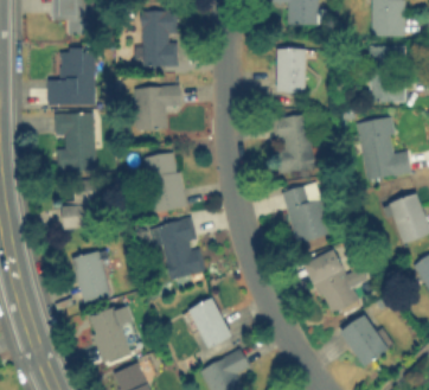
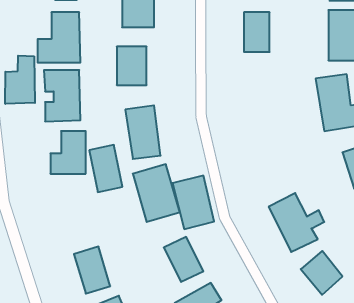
building: none -> [5,56,35,104]
building: [274,114,312,173] -> none
building: [282,184,328,243] -> [172,176,214,229]
building: [72,250,109,302] -> [89,145,122,192]

